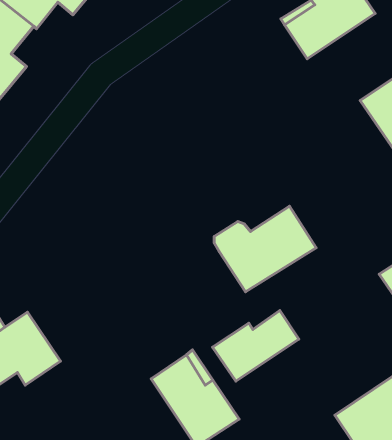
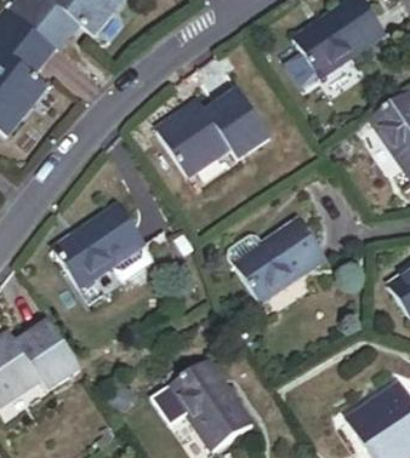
building: none -> [156,88,268,176]
building: none -> [52,204,152,287]
building: [212,310,299,381] -> none

